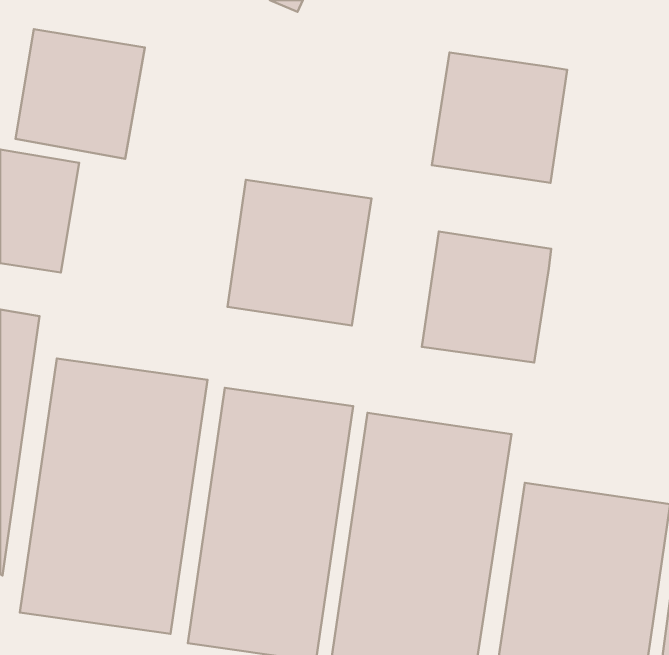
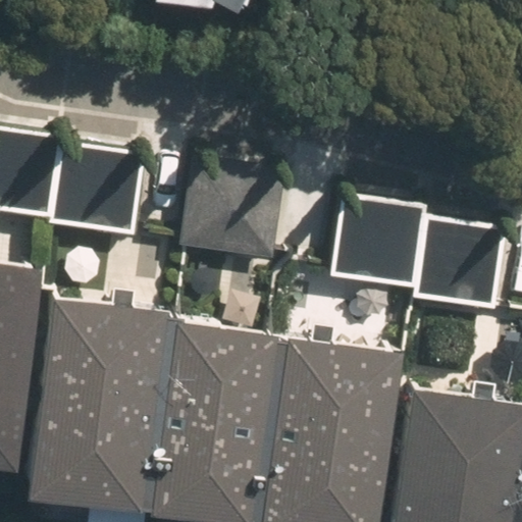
building: [15,29,145,159] -> [52,142,152,242]
building: [432,52,567,183] -> none
building: none -> [416,223,505,319]

